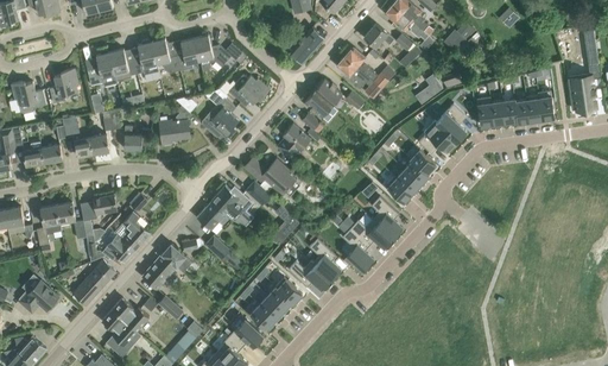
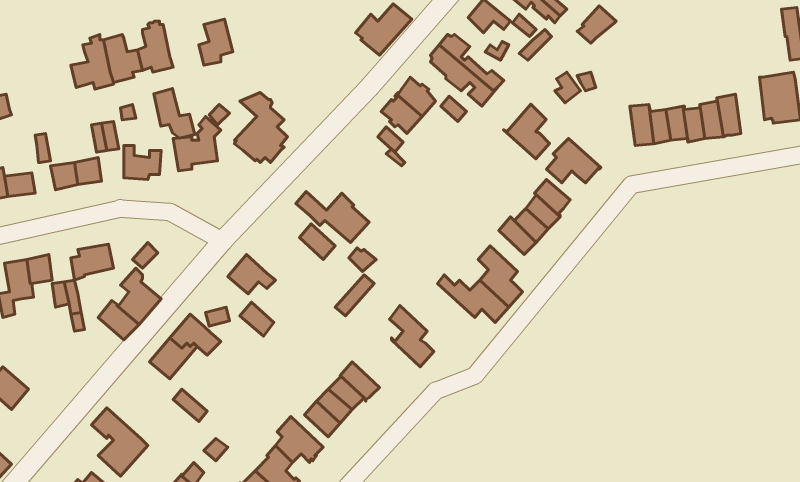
building: [194,34,230,71] -> none
building: [151,38,179,72] -> [154,89,195,138]
building: [49,69,77,103] -> none
building: [227,75,268,103] -> none
building: [433,103,466,141] -> [504,104,550,159]
building: [276,122,310,159] -> none
building: [209,185,252,227] -> none
building: [337,222,373,272] -> none
building: [72,260,115,304] -> none
building: [287,260,330,291] -> none
building: [112,298,148,330] -> none

